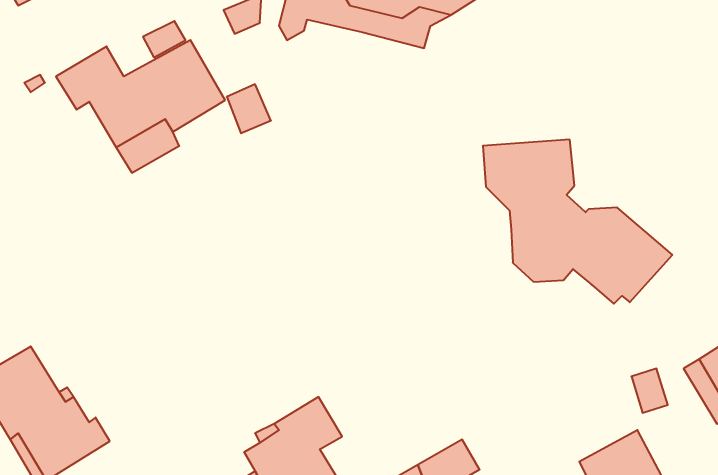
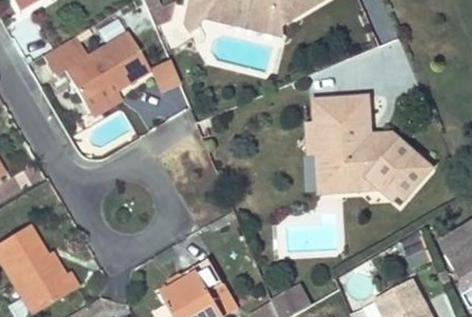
building: none -> [317,152,382,192]

